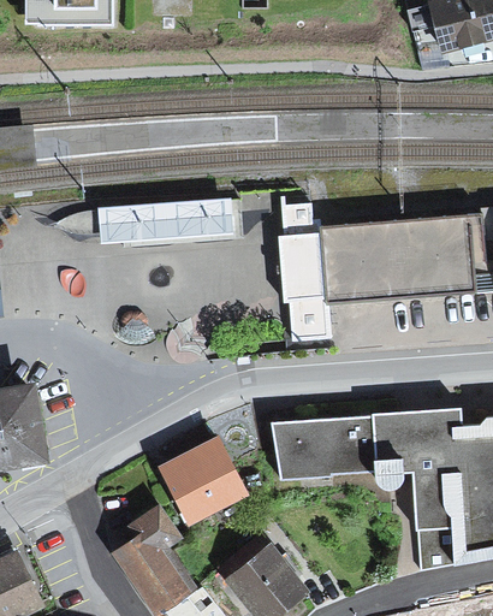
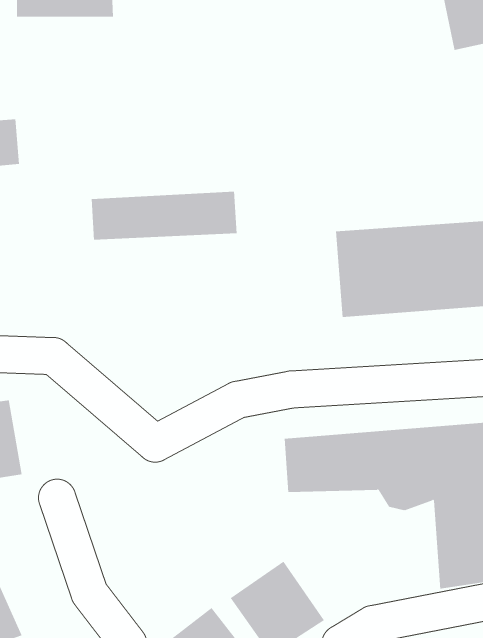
building: [275,229,331,343] -> none
building: [158,434,248,525] -> none
building: [117,497,182,602] -> none

